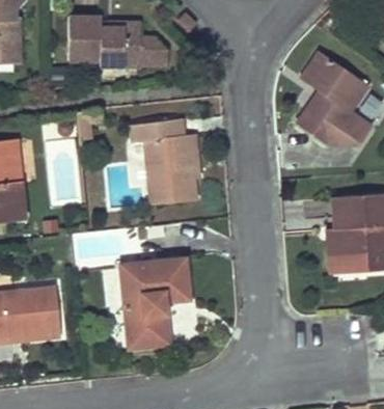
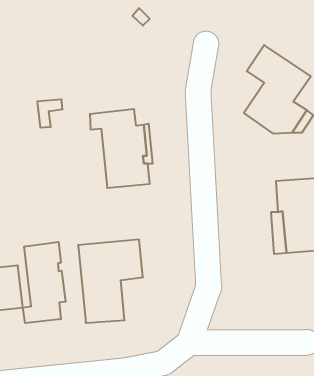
building: [68,16,167,66] -> none
building: none -> [23,242,65,323]

